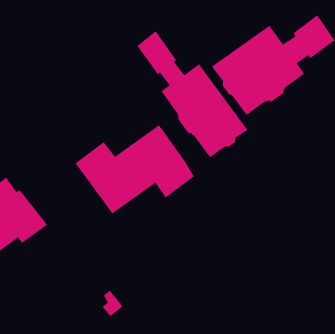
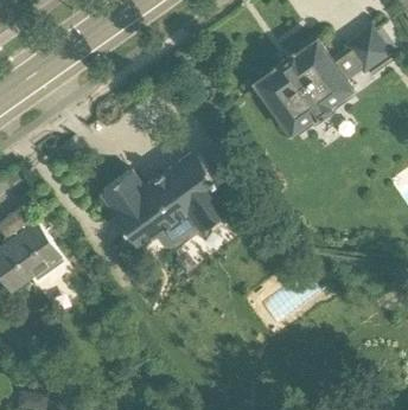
building: [136,30,249,158] -> none

